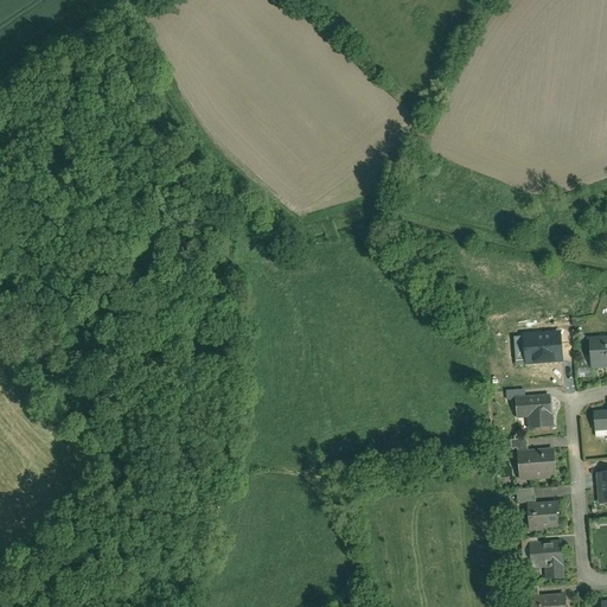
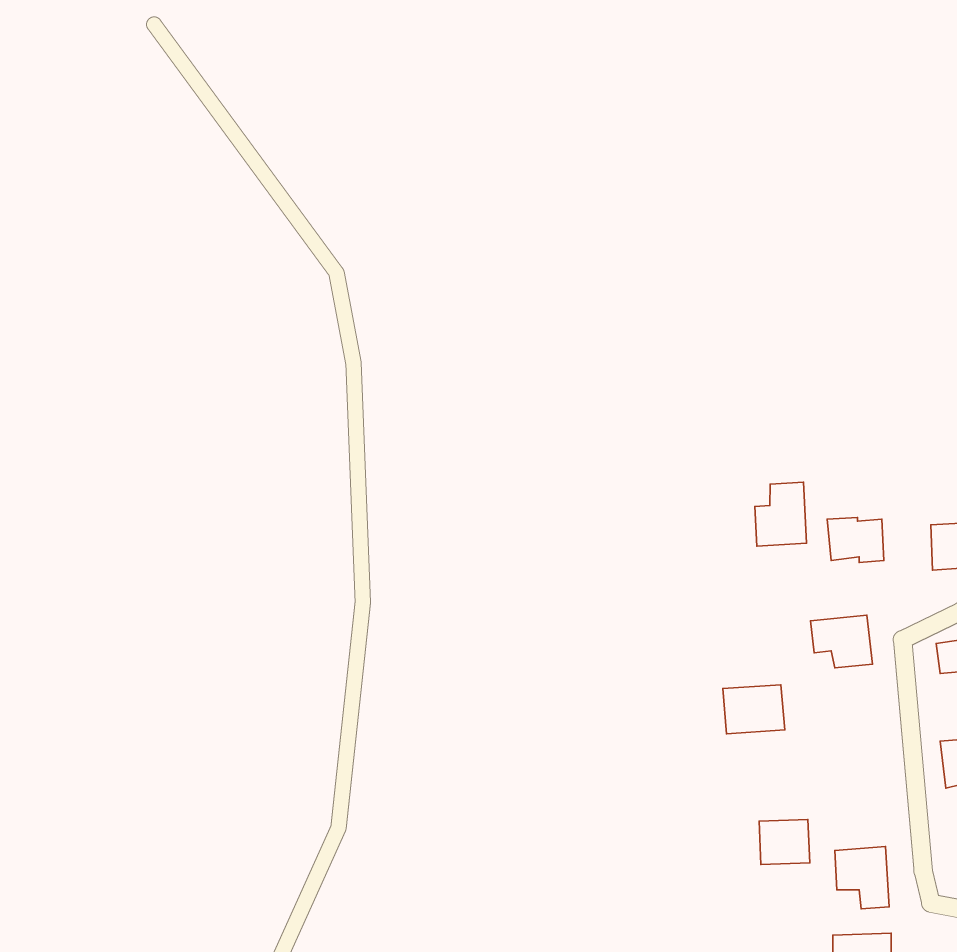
building: none -> [755,482,807,546]
building: [517,447,556,478] -> [723,685,785,734]
building: [526,500,558,529] -> [759,819,810,865]

